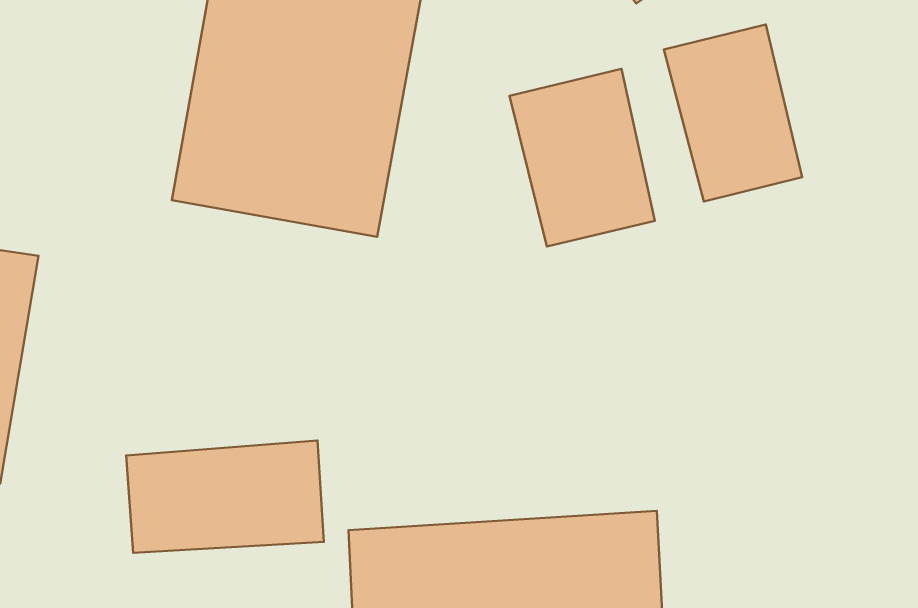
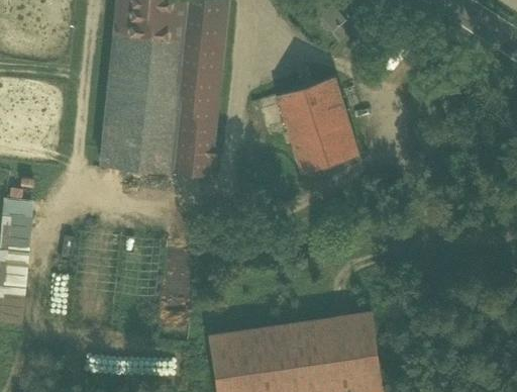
building: [664,25,802,202] -> none
building: [126,441,324,553] -> none

